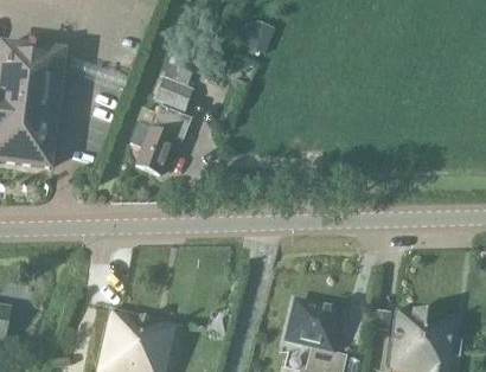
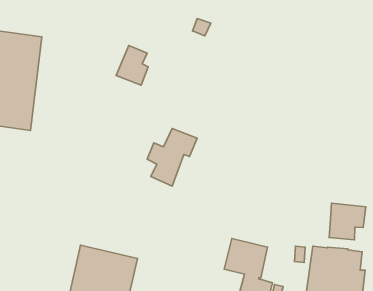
building: [129,105,191,177] -> [147,128,197,186]
building: none -> [329,203,366,240]

